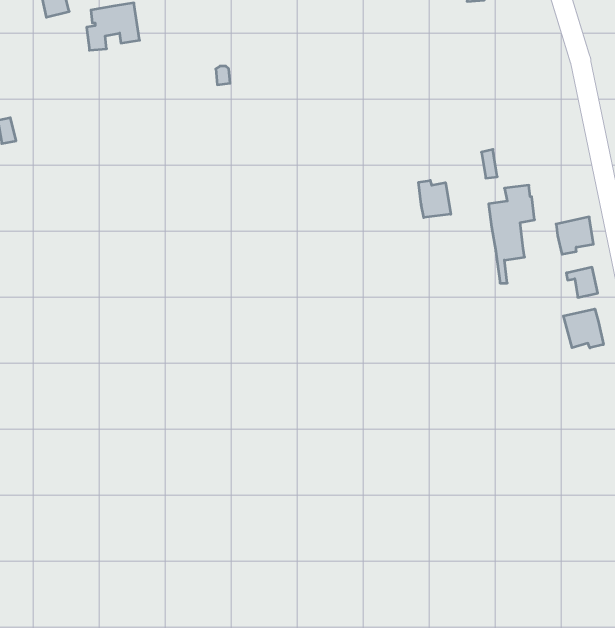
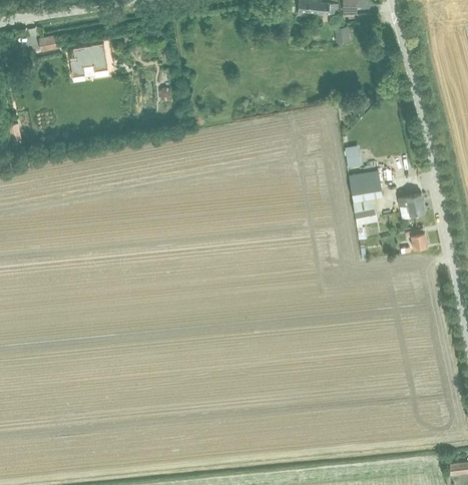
building: [419,180,451,218] -> none
building: [563,309,603,348] -> none

